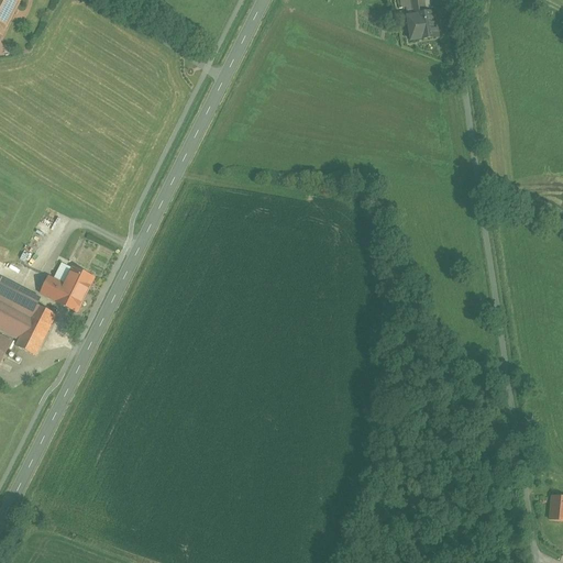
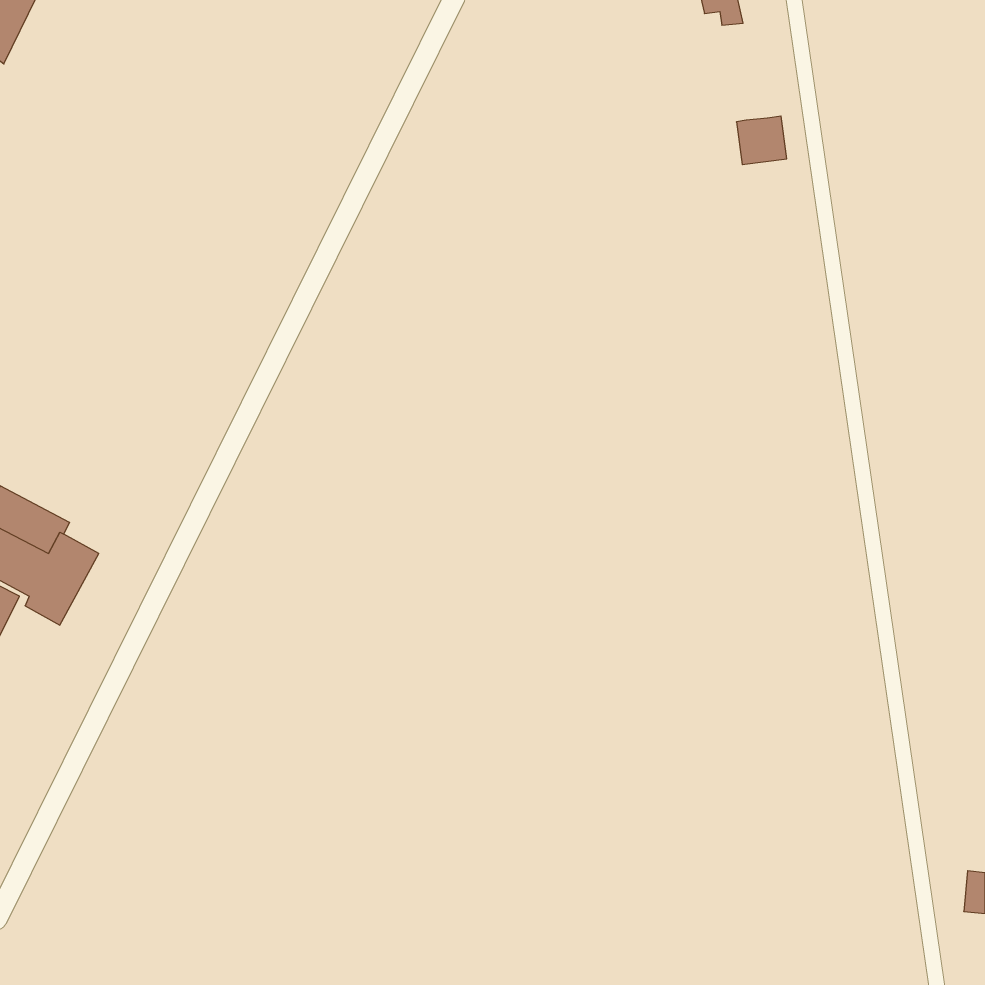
building: [405,12,433,40] -> [736,116,787,165]
building: [38,265,93,311] -> none

